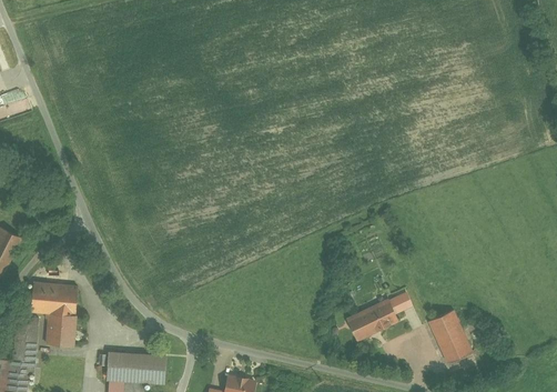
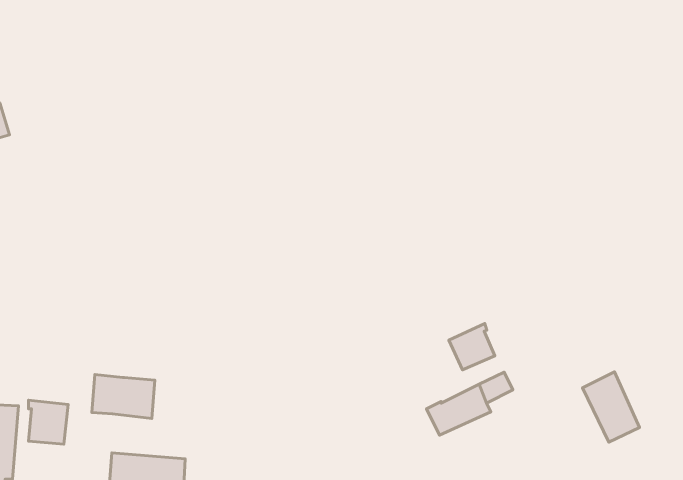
building: none -> [449,323,495,370]
building: [29,281,77,314] -> [92,374,155,418]
building: [427,308,470,361] -> [582,372,640,442]

